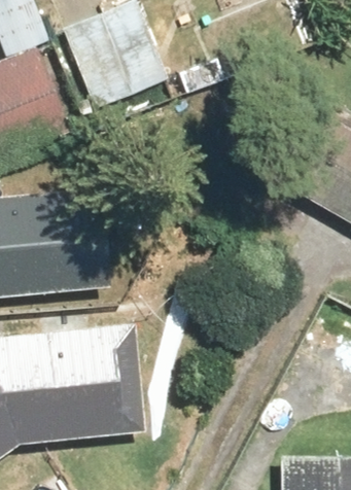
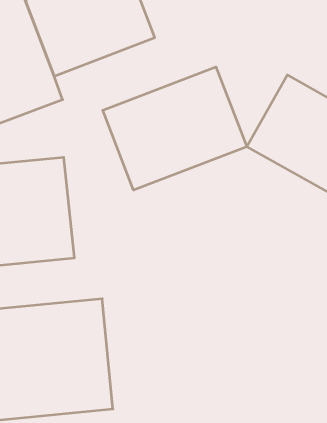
building: none -> [103,67,247,190]

